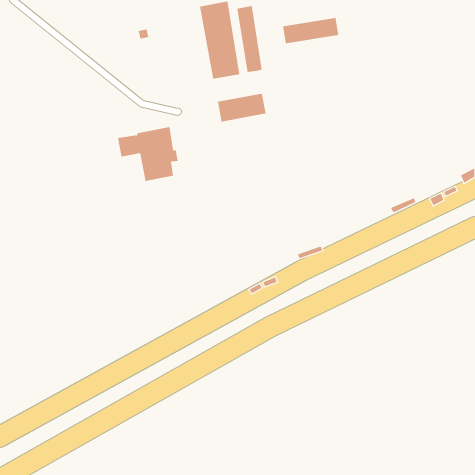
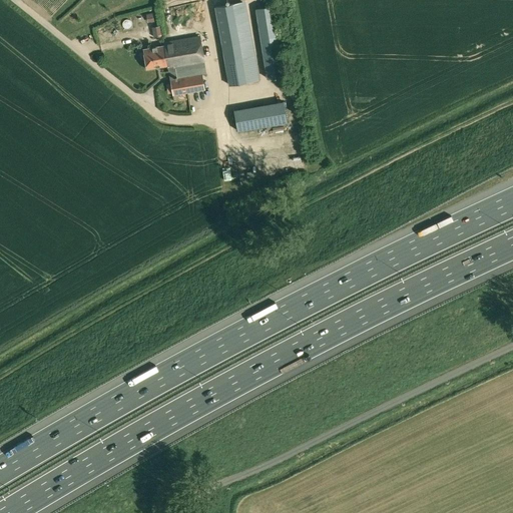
building: [282,17,339,44] -> none
building: [117,127,179,182] -> [142,37,208,96]

